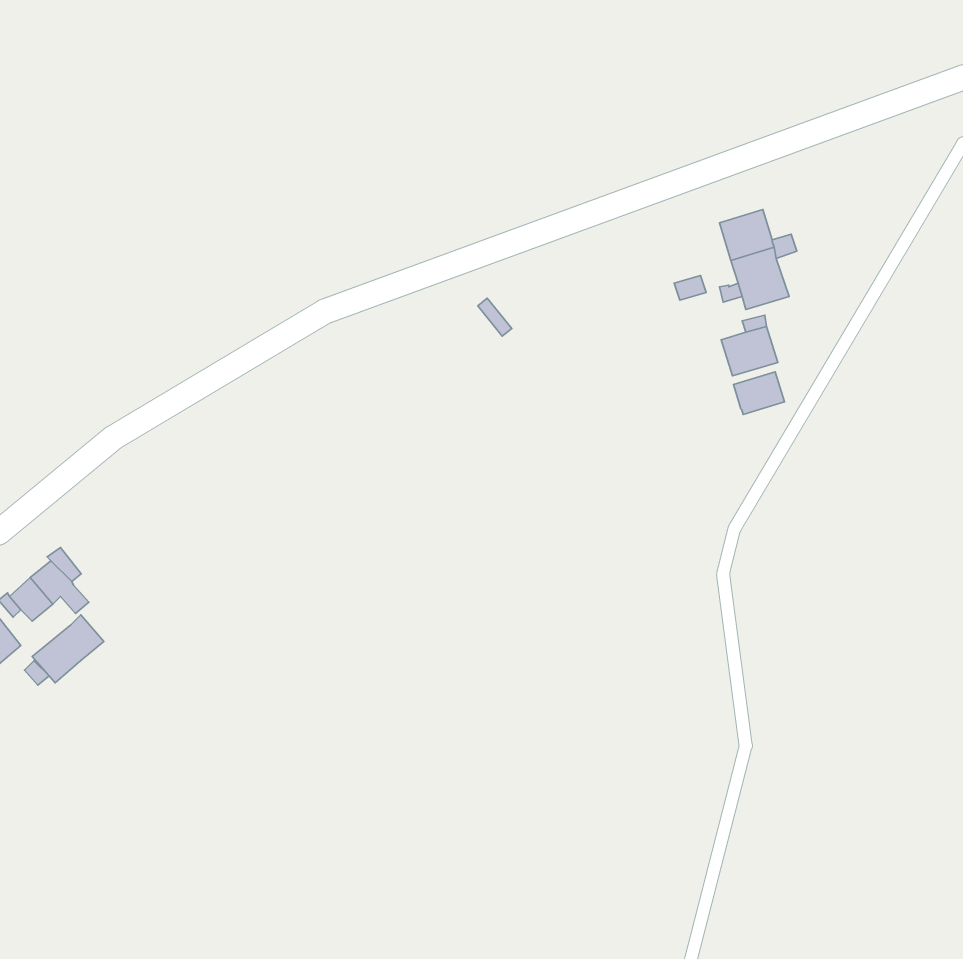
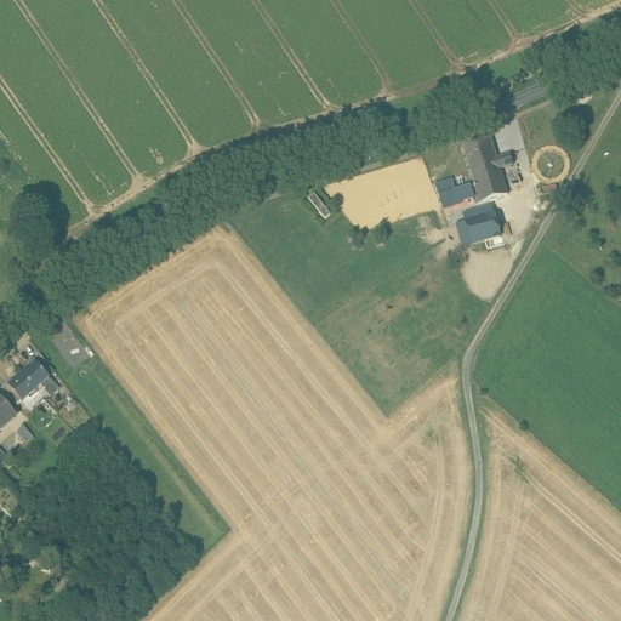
building: [734,372,785,415] -> none
building: [32,615,104,683] -> none

